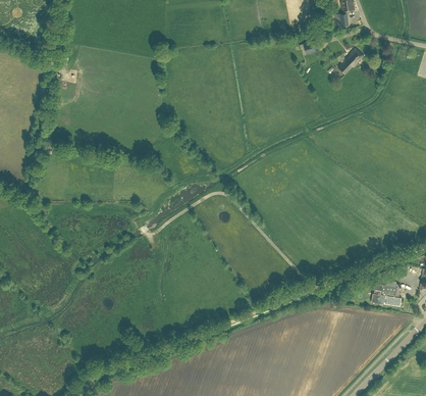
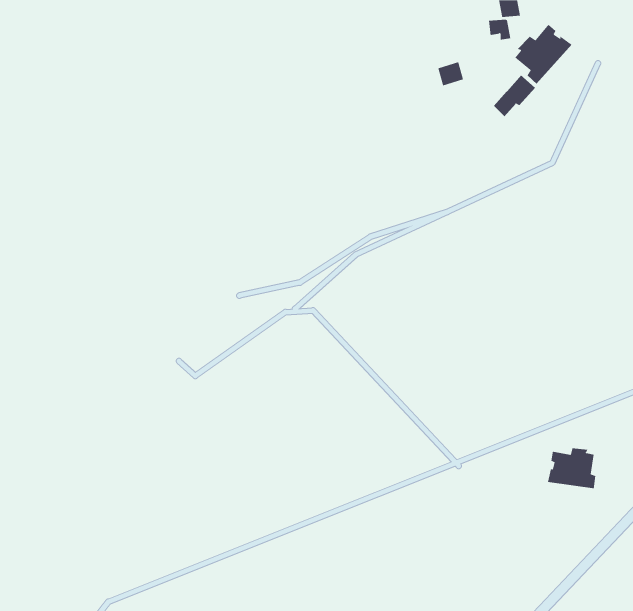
building: none -> [515,24,572,84]

